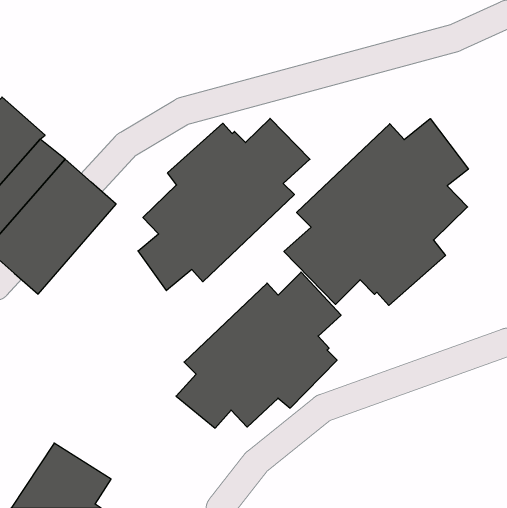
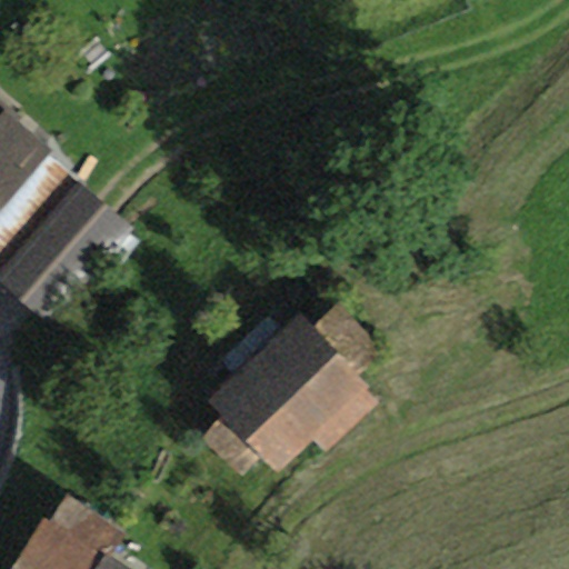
building: [138,118,310,291] -> none
building: [284,119,468,305] -> none

